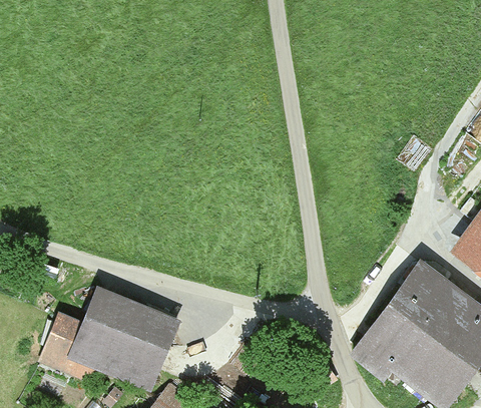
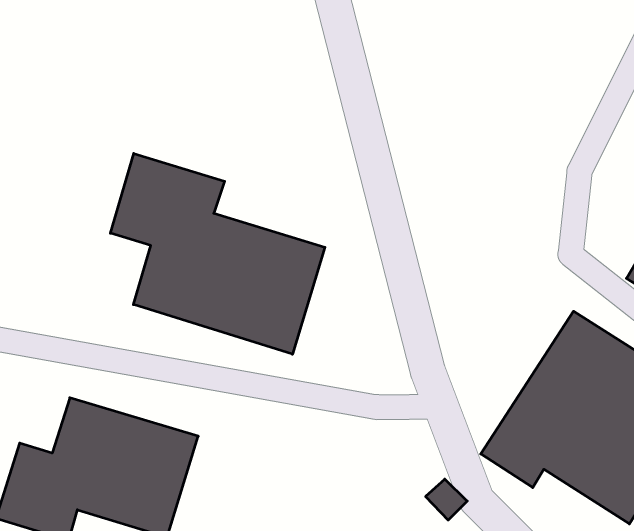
building: none -> [110,153,325,354]

